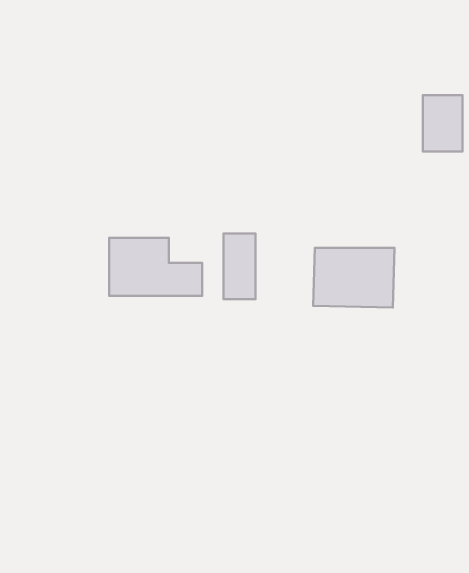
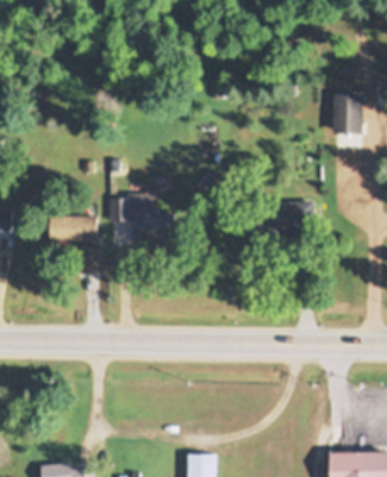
building: [223,234,256,299] -> none
building: none -> [49,216,95,240]

